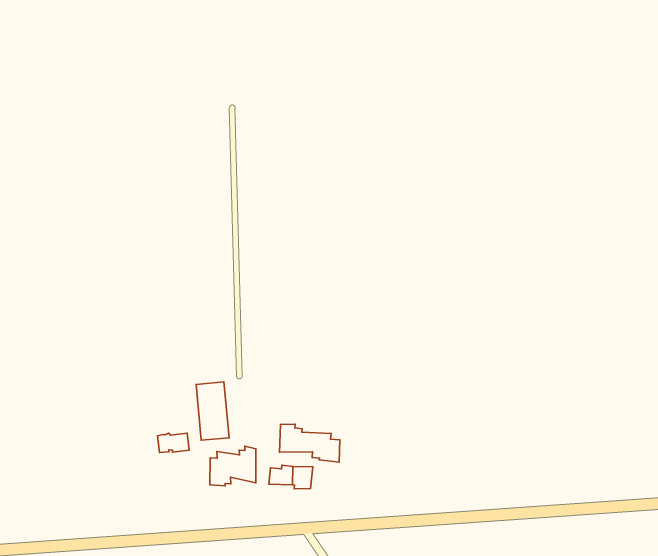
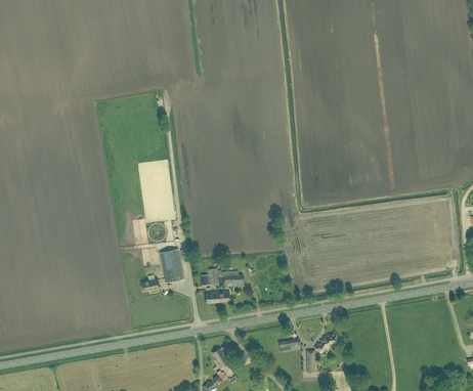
building: [210,446,256,486] -> none

